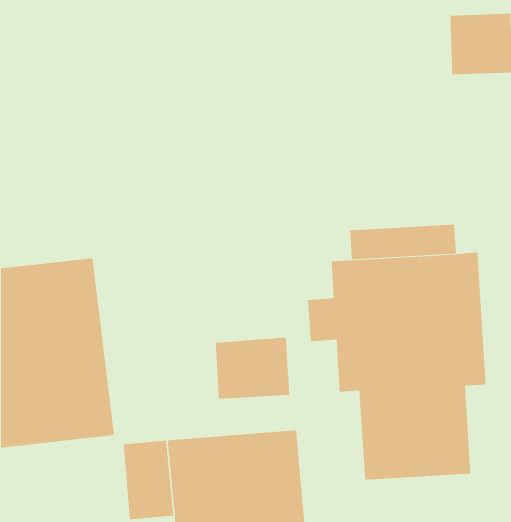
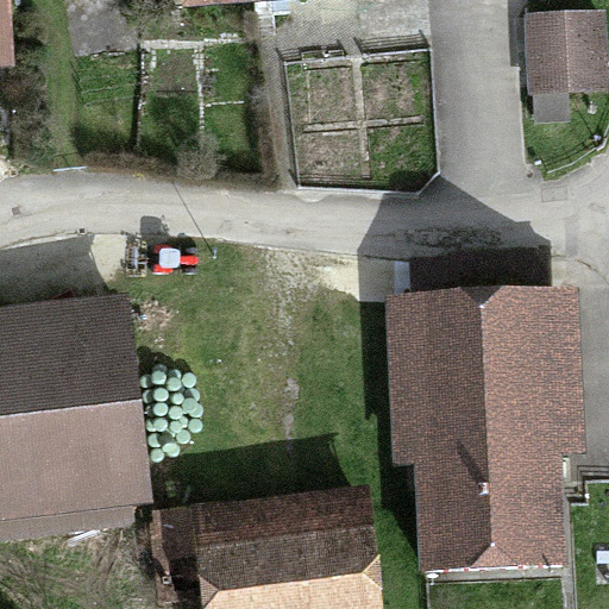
building: [215,337,290,400] -> none

